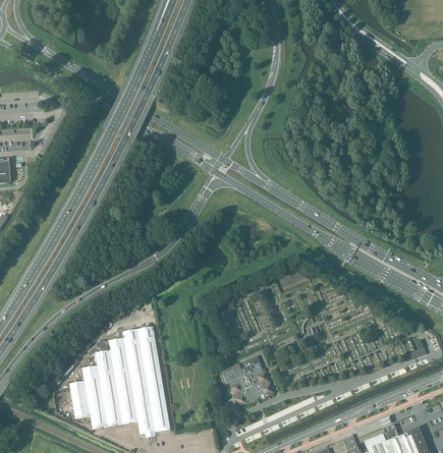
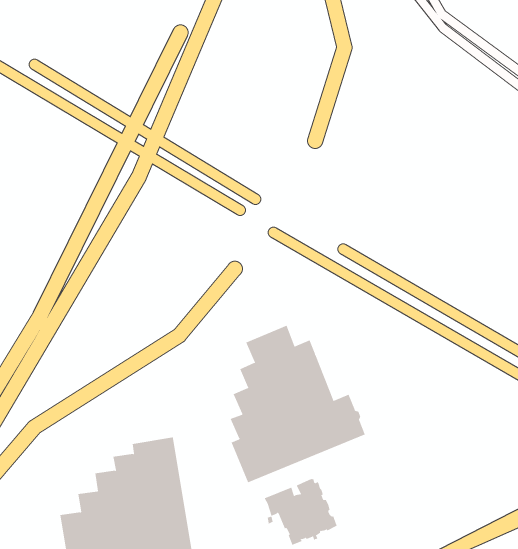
building: none -> [230,325,366,483]

